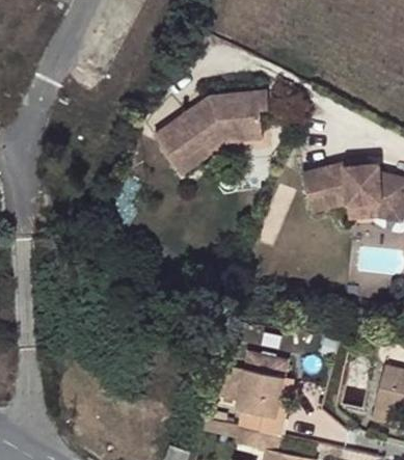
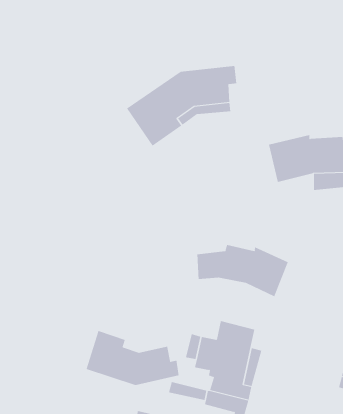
building: none -> [197,244,288,297]
building: none -> [86,330,179,386]

